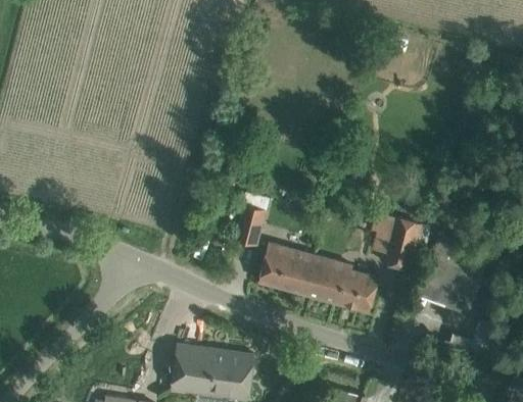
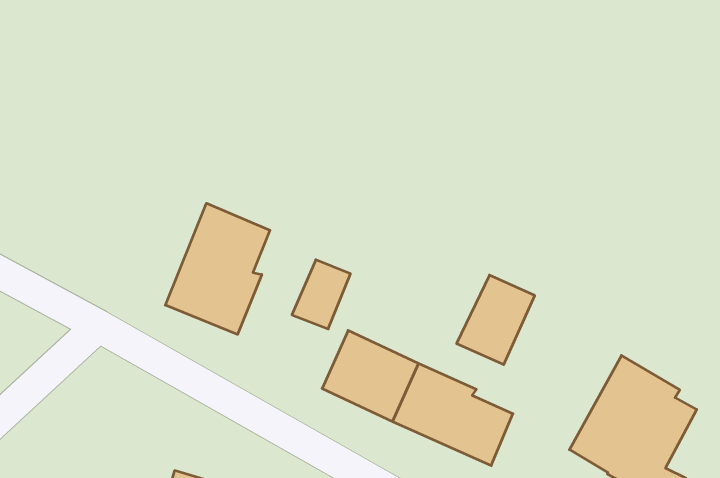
building: none -> [165,203,270,334]
building: [379,214,422,267] -> [457,275,535,365]

